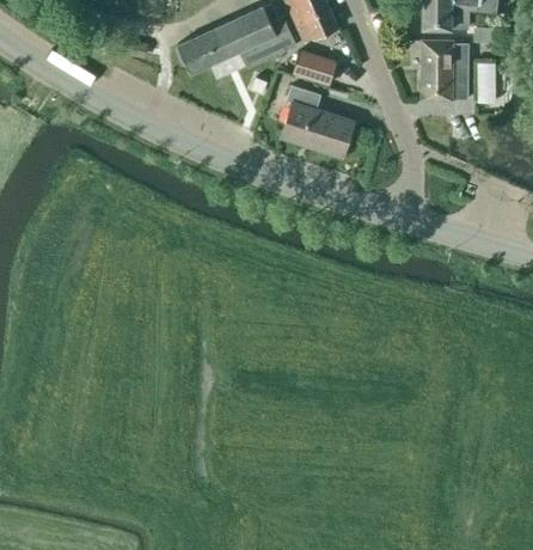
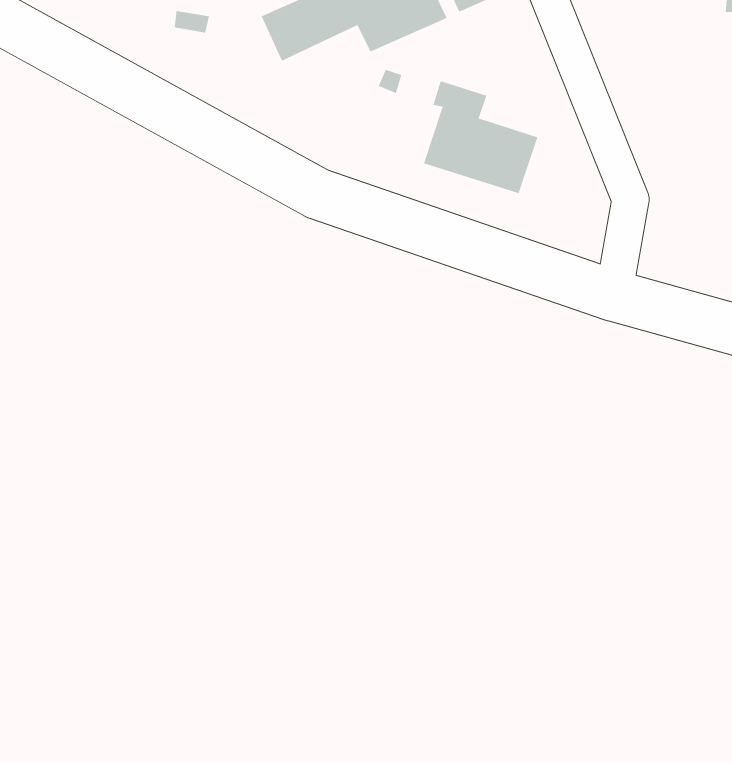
building: [423,39,470,99] -> none
building: [280,53,332,84] -> none

